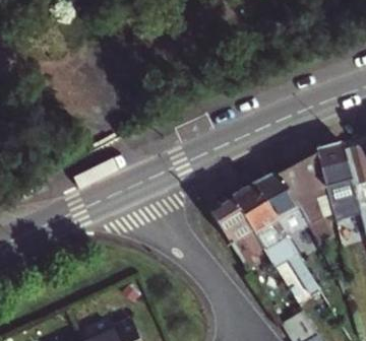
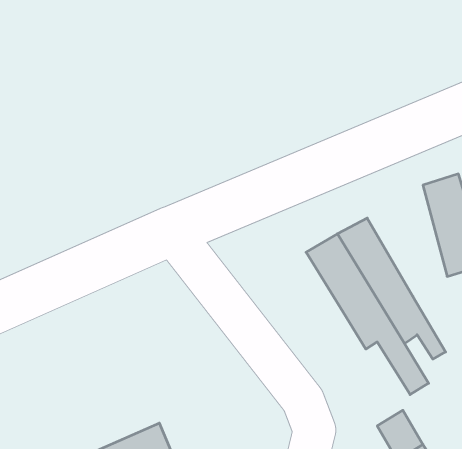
building: [278,151,334,230] -> none
building: [214,199,260,265] -> none

